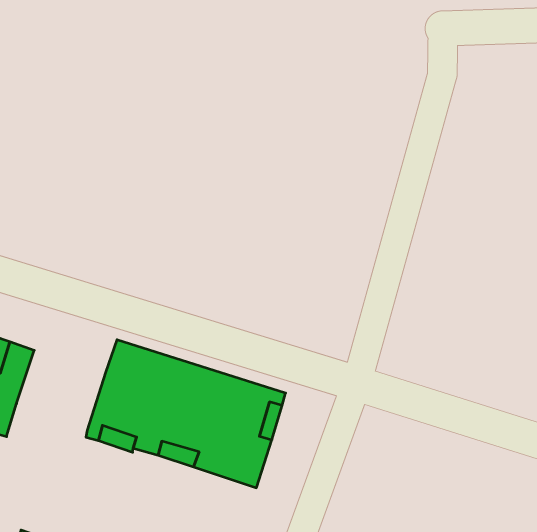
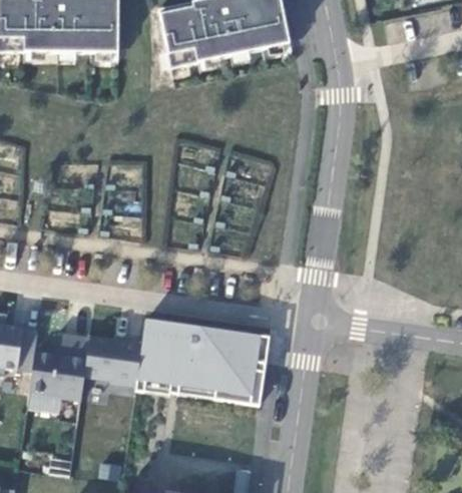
building: none -> [83,336,141,385]

